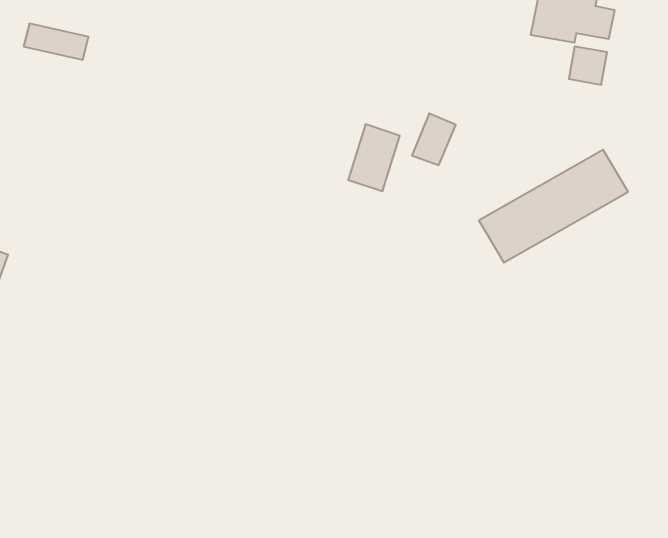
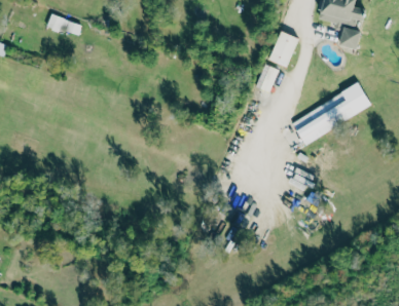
building: [348,124,400,191] -> [269,31,297,67]

